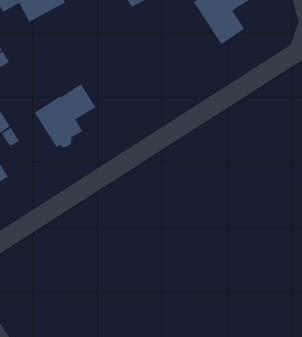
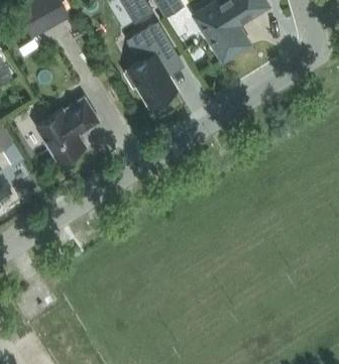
building: none -> [127,23,180,106]

